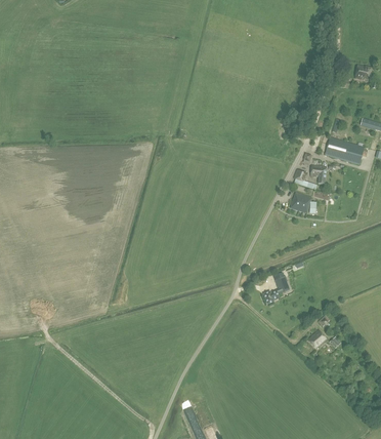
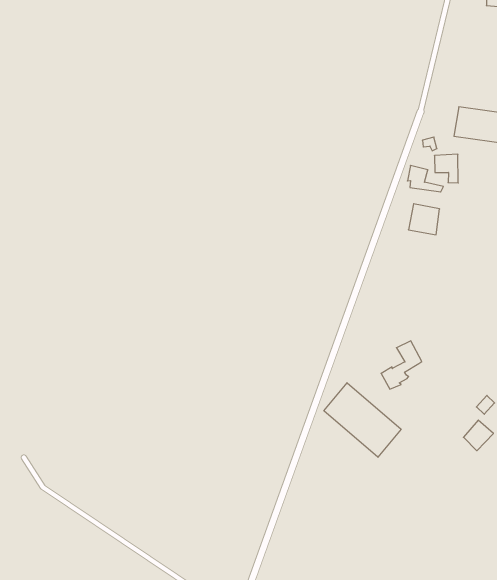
building: none -> [324,383,401,457]

